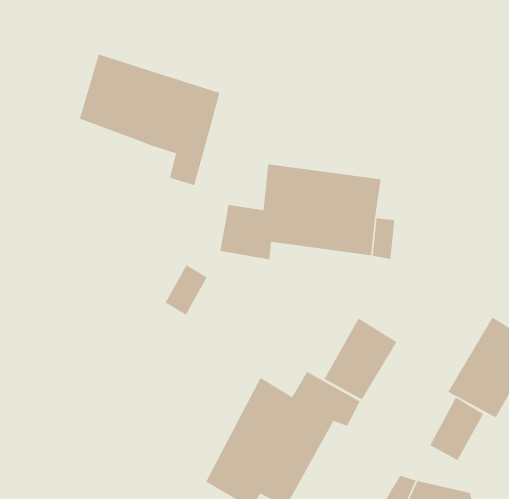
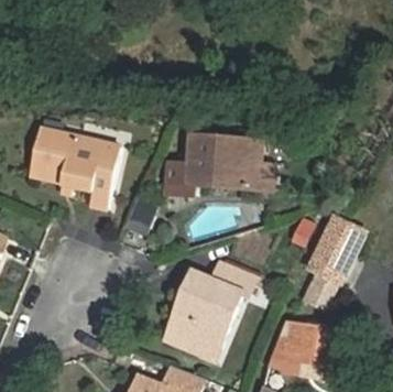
building: [79,53,220,186] -> [26,126,112,202]
building: [323,317,397,400] -> none

